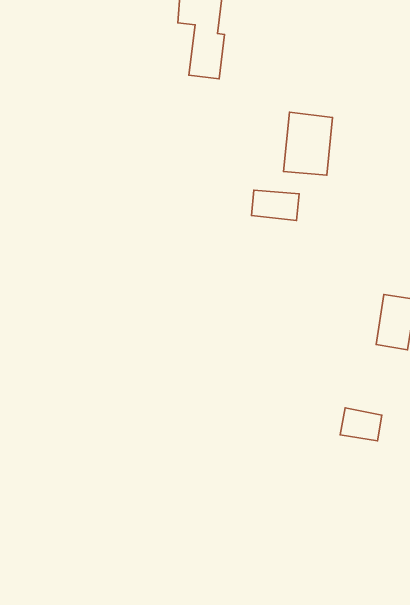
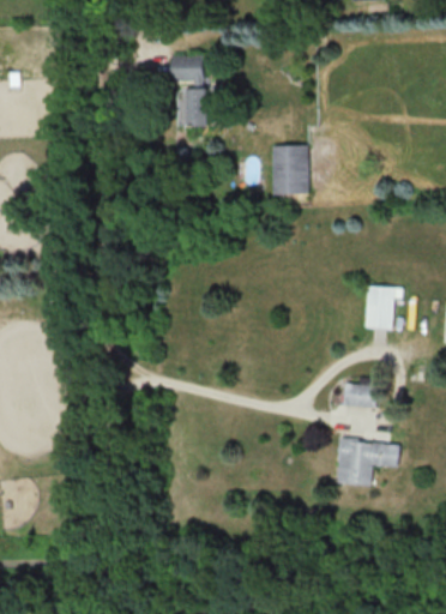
building: [252,190,299,221] -> none
building: none -> [338,439,400,484]

